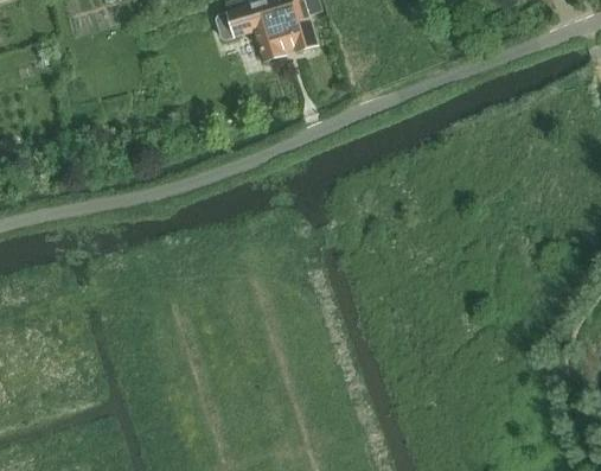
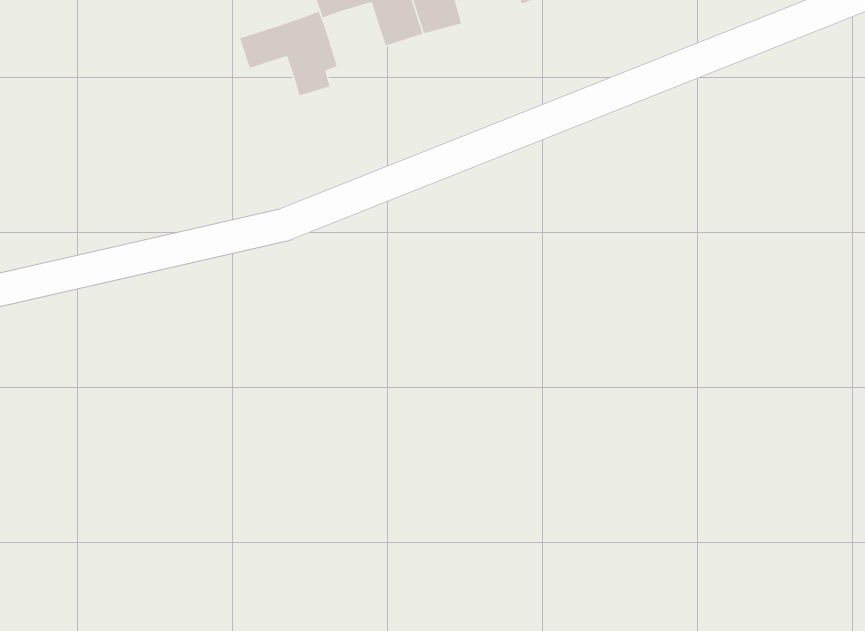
building: none -> [239,11,338,96]

